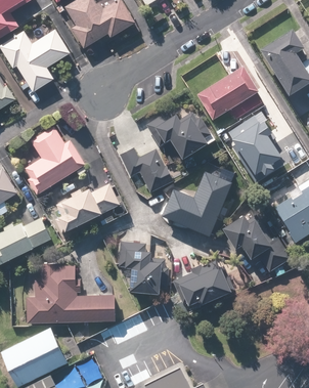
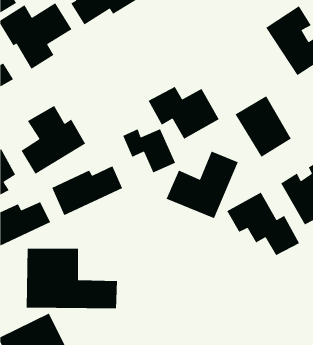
building: [196,66,266,120] -> none
building: [118,240,165,296] -> none
building: [169,261,230,314] -> none

